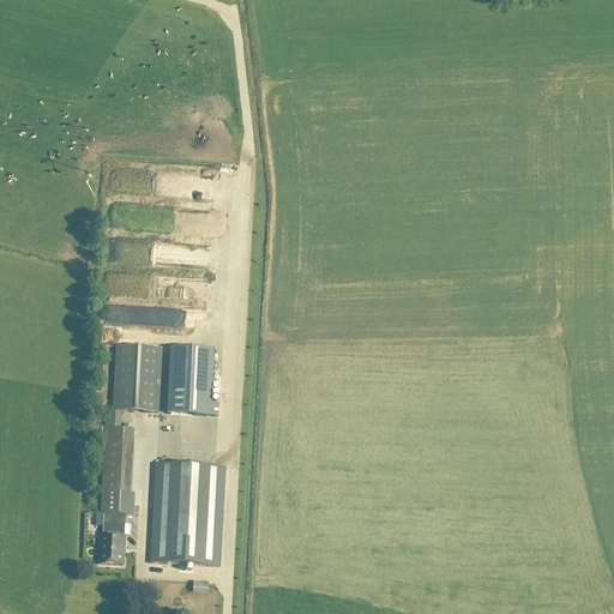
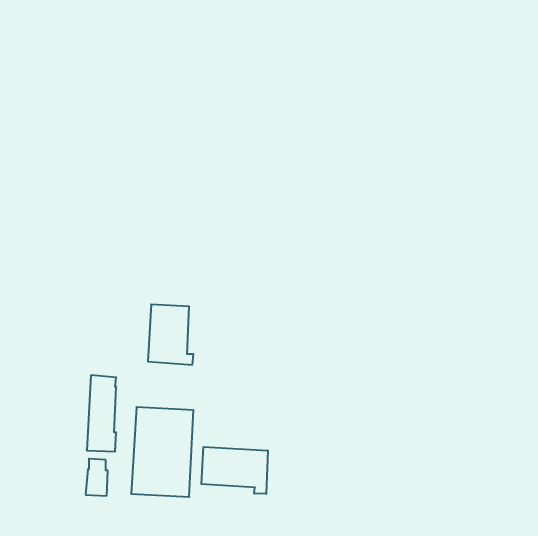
building: [112,343,159,410] -> none
building: none -> [201,447,268,494]

